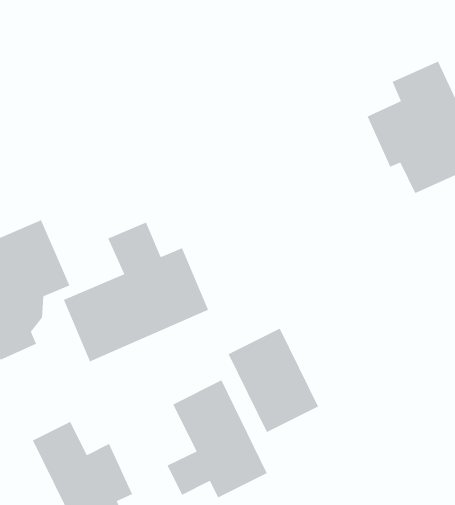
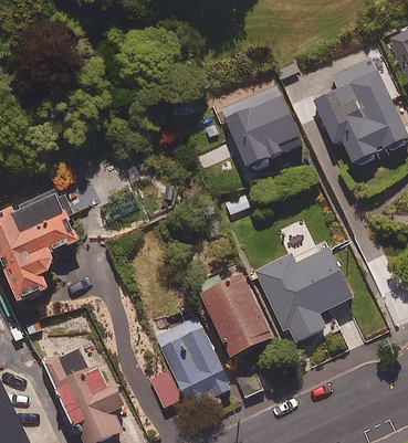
building: none -> [221,89,300,171]
building: [63,221,209,362] -> none
building: none -> [257,241,354,342]

